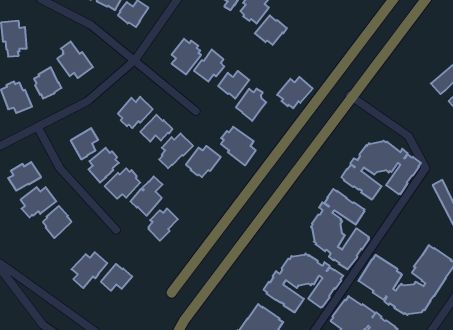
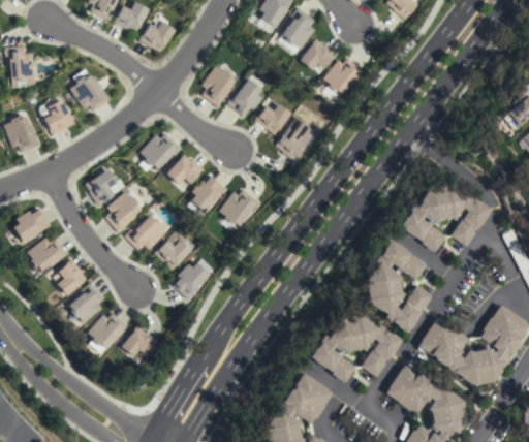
building: [277,77,313,108] -> [322,58,364,94]
building: [221,127,256,165] -> none
building: none -> [68,282,104,323]

